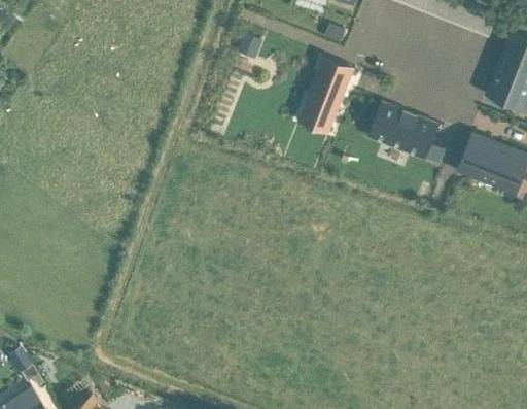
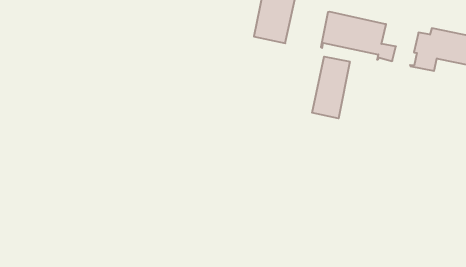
building: none -> [312,57,350,118]

